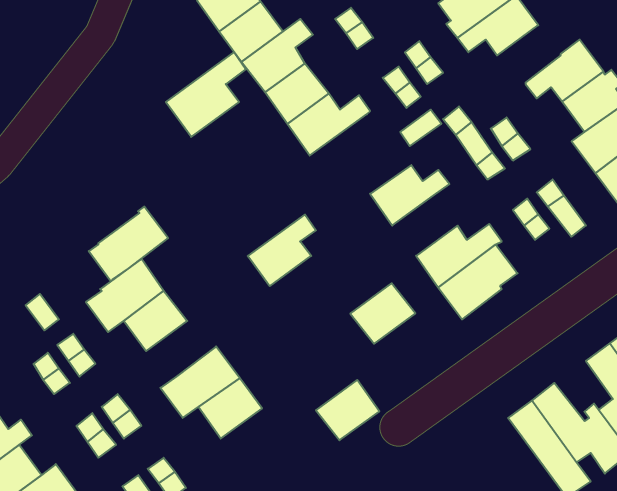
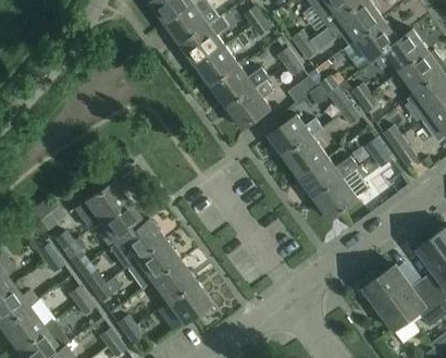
building: none -> [356,20,399,62]
building: [166,52,246,137] -> none
building: [89,207,168,281] -> [109,218,163,269]
building: [248,215,316,286] -> [227,81,274,129]
building: [350,283,415,344] -> [284,136,329,177]
building: [316,380,379,440] -> [166,282,210,323]

